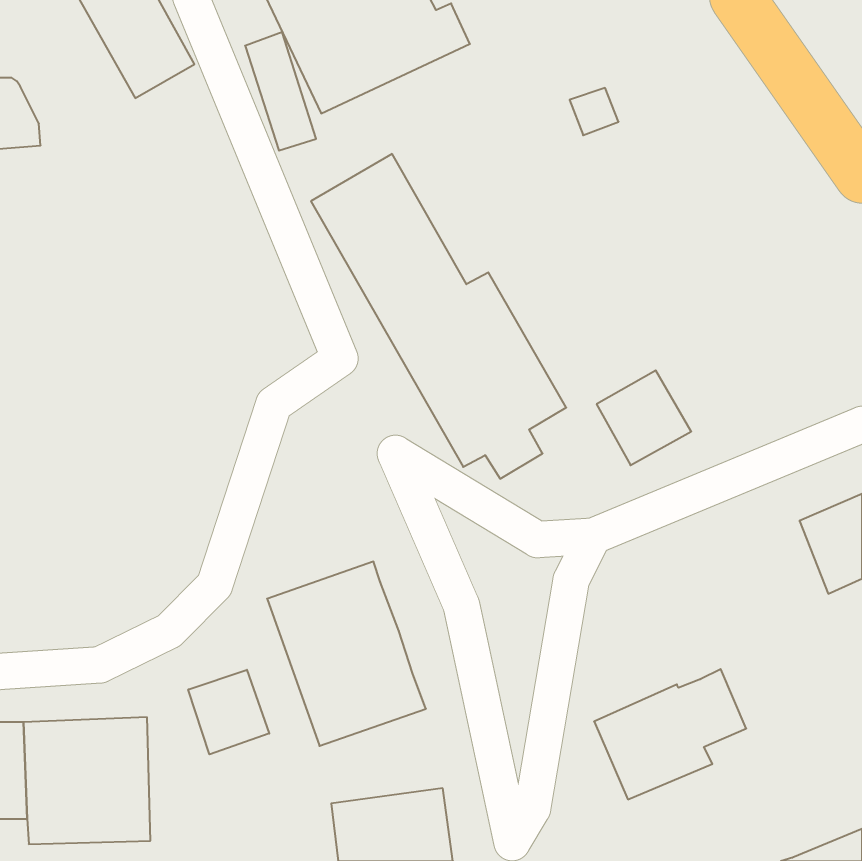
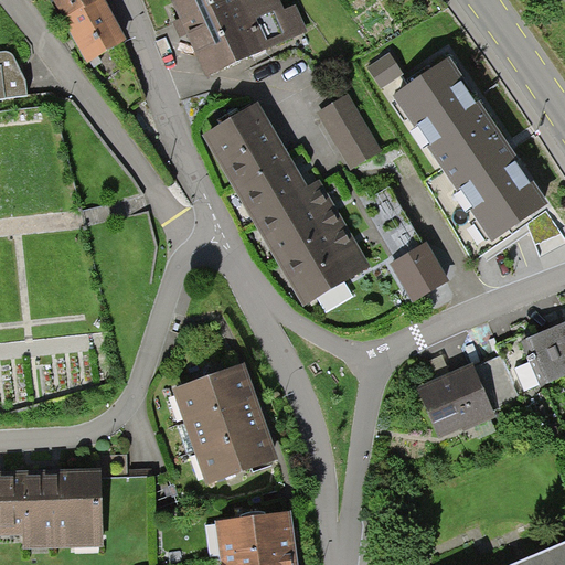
building: none -> [393,57,548,258]
building: none -> [318,95,381,168]
building: [594,669,746,799] -> [418,354,518,439]
building: [188,670,269,754] -> none

